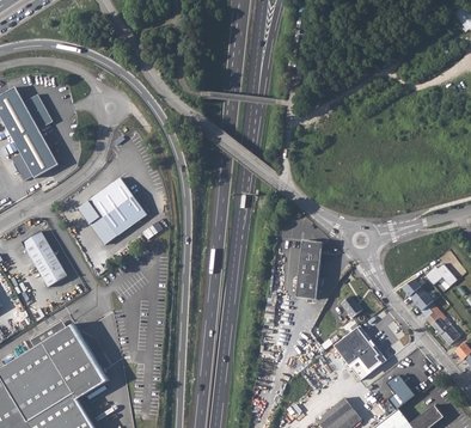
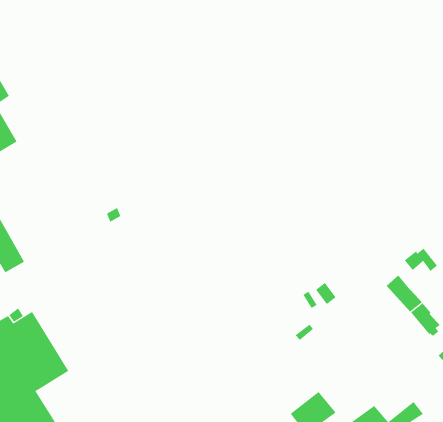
building: [78,178,146,246] -> none
building: [295,240,322,300] -> none
building: [335,326,386,380] -> none
building: [386,375,414,410] -> none

